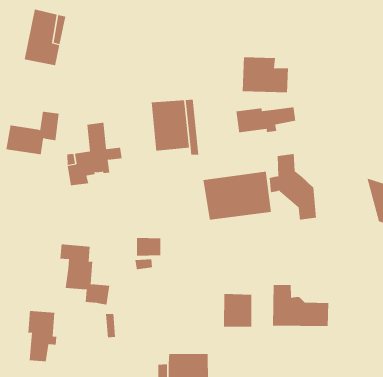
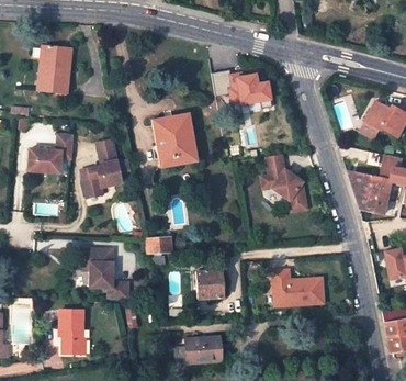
building: [236,106,296,133] -> none
building: [203,171,272,220] -> none
building: [223,293,252,327] -> [195,269,223,300]

